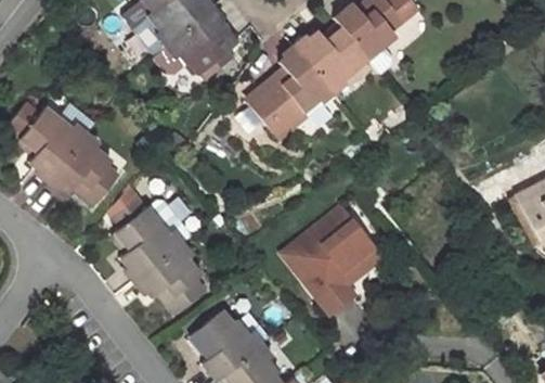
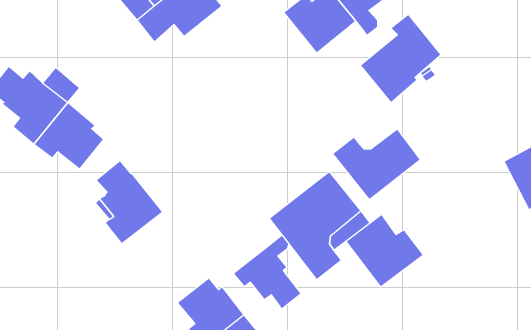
building: [249,49,329,137] -> [360,14,441,103]
building: none -> [333,129,421,200]
building: [137,246,205,312] -> none
building: none -> [346,214,423,287]
building: none -> [233,235,301,309]

